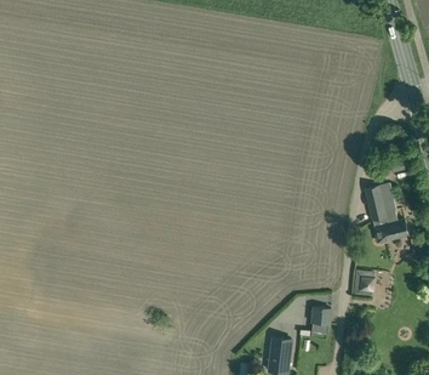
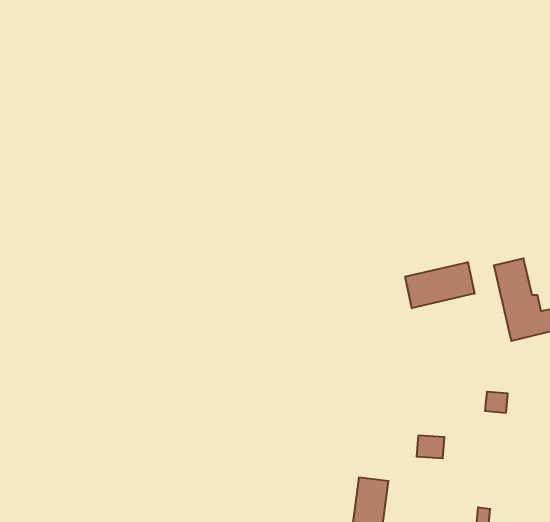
building: none -> [405,262,475,308]

